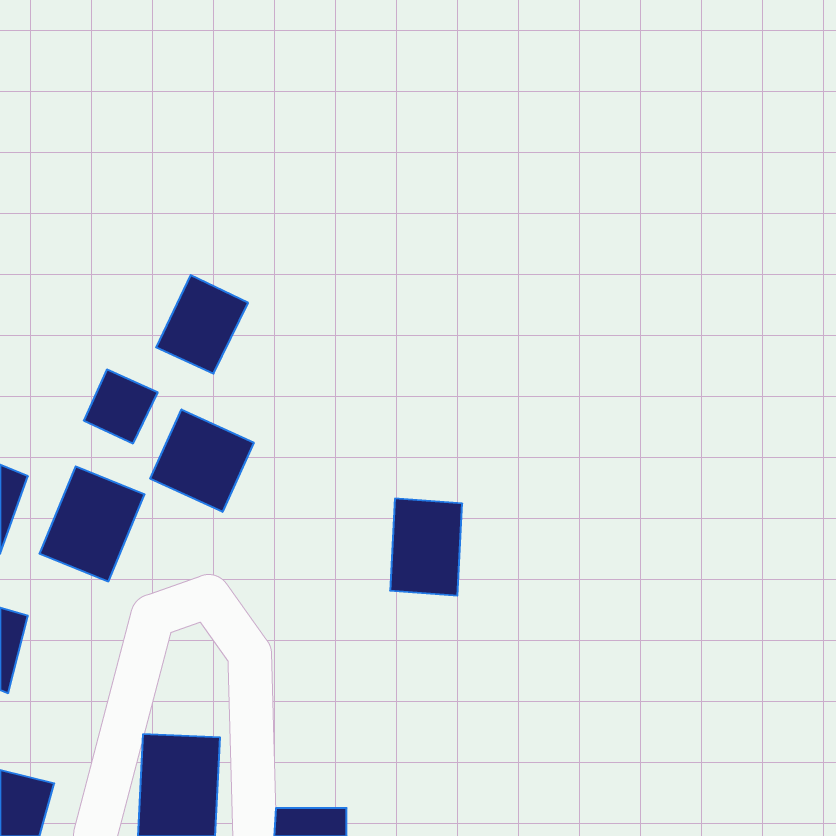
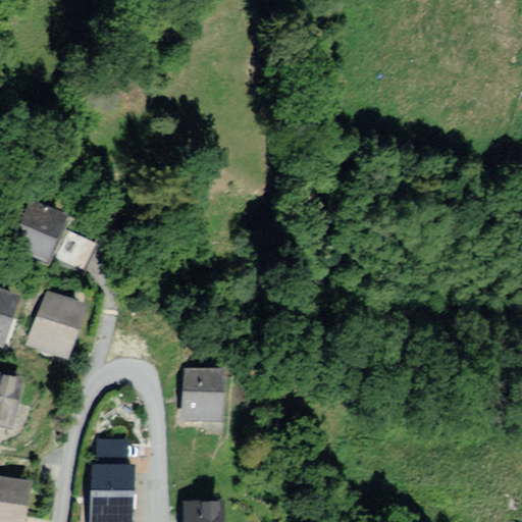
building: [156,275,248,374] -> [10,200,67,261]
building: [150,409,254,512] -> none
building: [390,499,462,596] -> [174,366,219,426]

